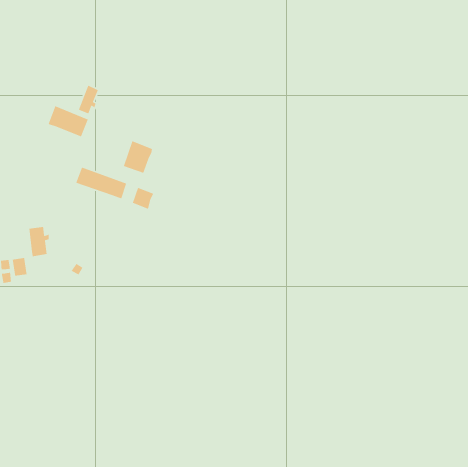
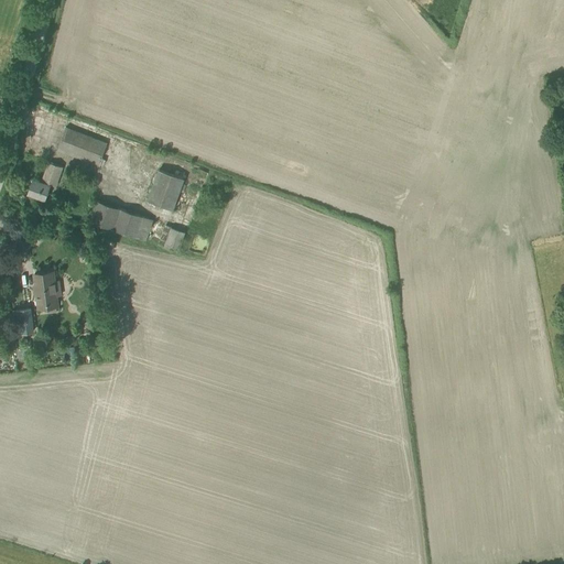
building: [78,85,99,114] -> none
building: none -> [28,163,62,200]

